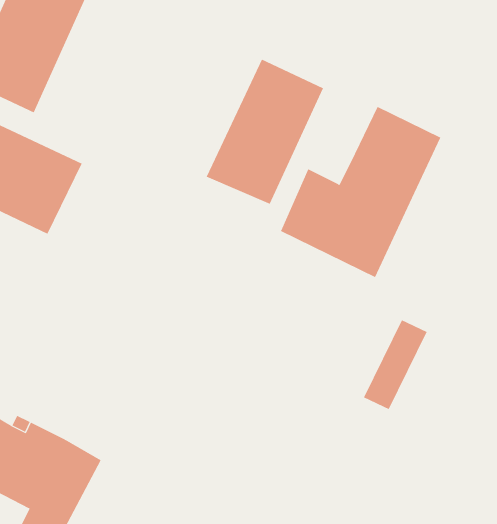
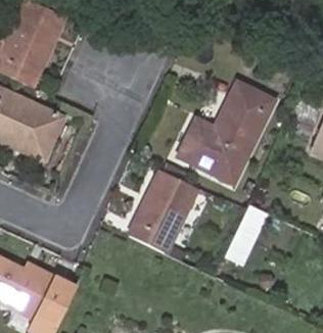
building: [206,59,324,204] -> [127,169,196,254]

